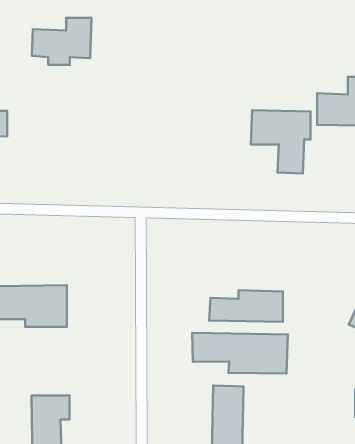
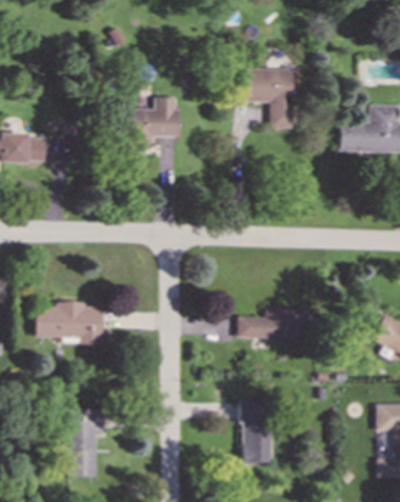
building: [32,18,91,65] -> [121,97,178,142]
building: [251,110,311,174] -> [244,68,301,129]
building: [192,333,288,373] -> none

